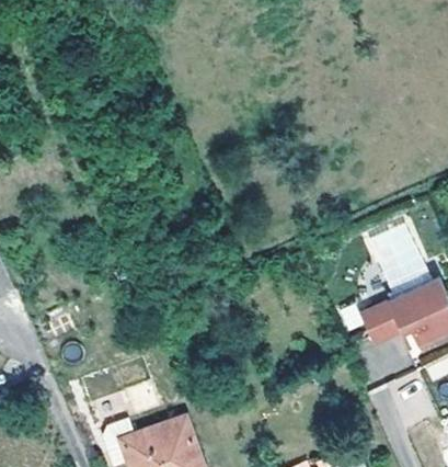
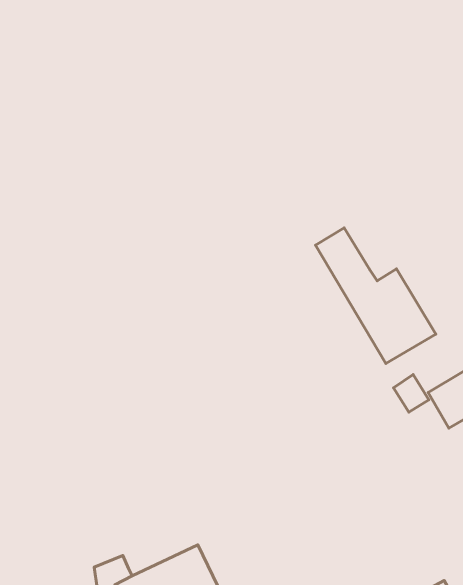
building: none -> [315,228,436,364]

